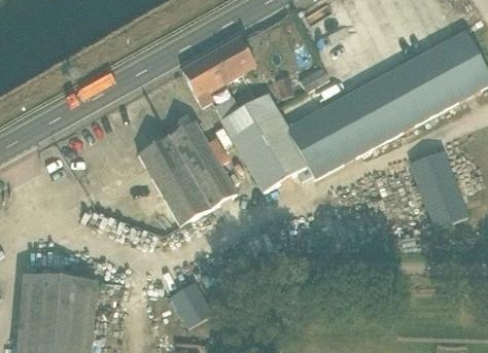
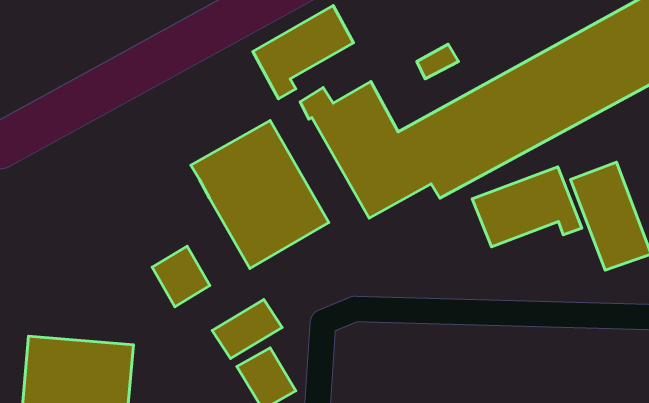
building: none -> [472,167,582,247]
building: none -> [152,246,210,307]
building: none -> [212,300,282,359]

